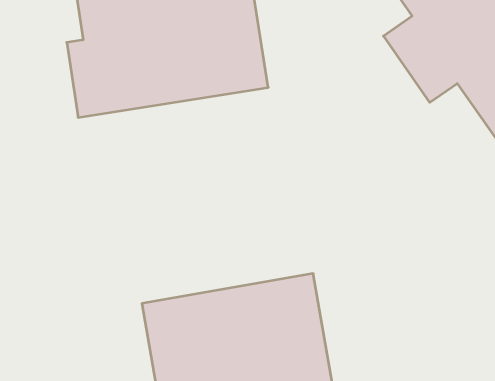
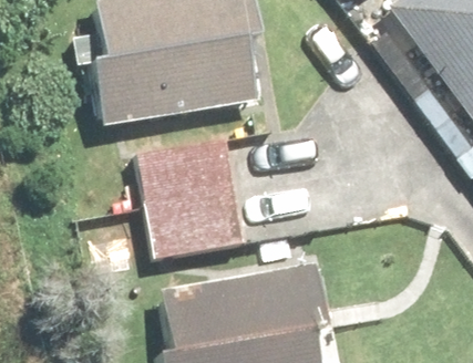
building: none -> [134,142,250,262]

